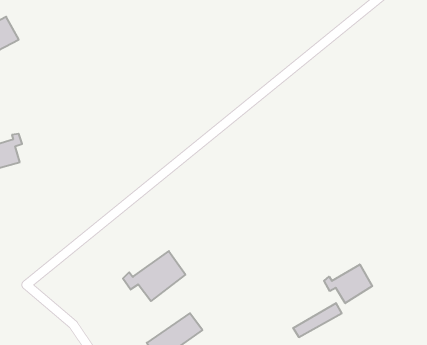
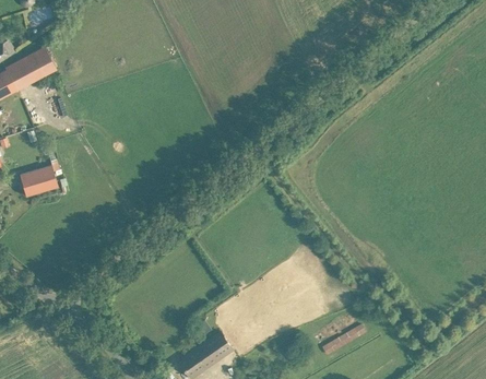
building: [123,251,185,301] -> none
building: [324,264,372,303] -> none

